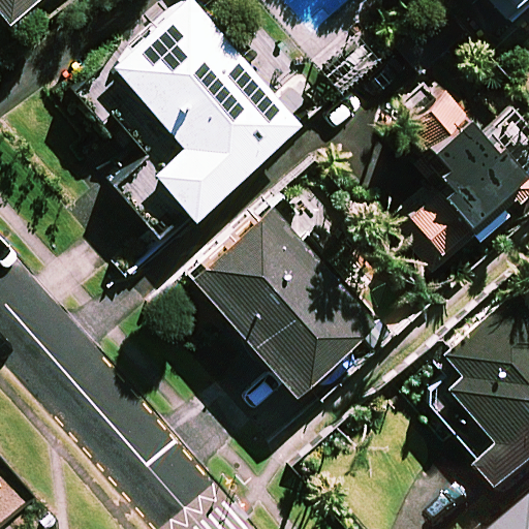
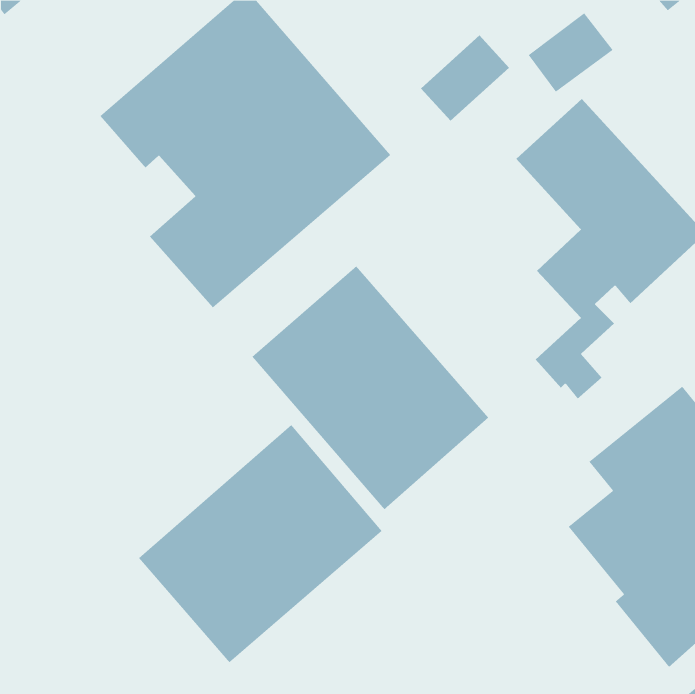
building: none -> [138,424,382,663]

